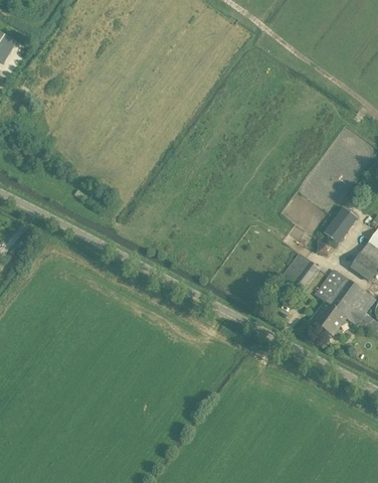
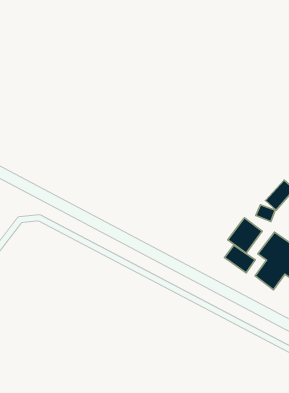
building: none -> [225,245,255,273]

